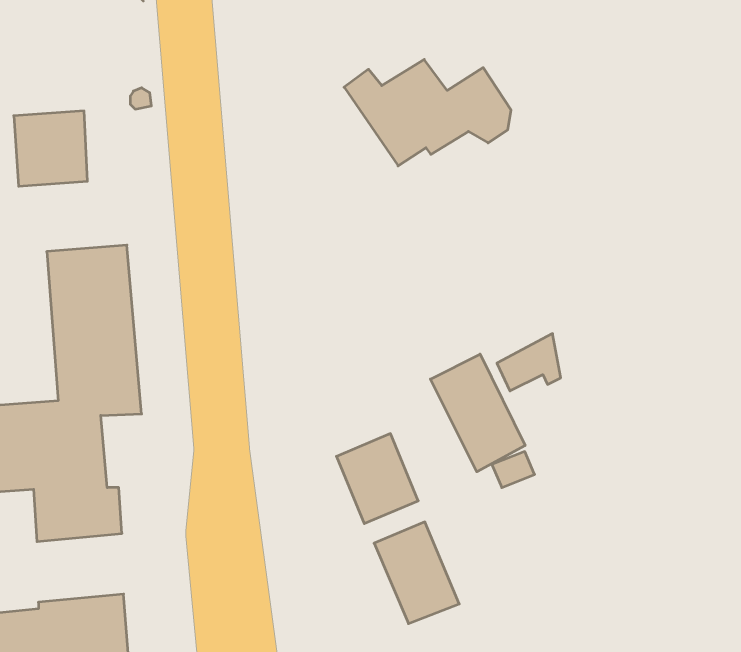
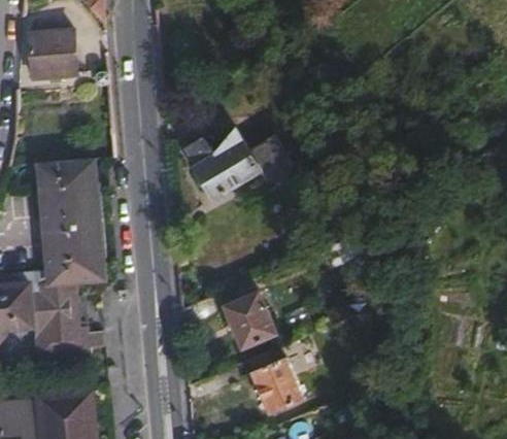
building: [344,59,511,166] -> [185,132,291,199]
building: [14,111,87,186] -> [28,32,74,79]
building: [430,354,525,472] -> none

